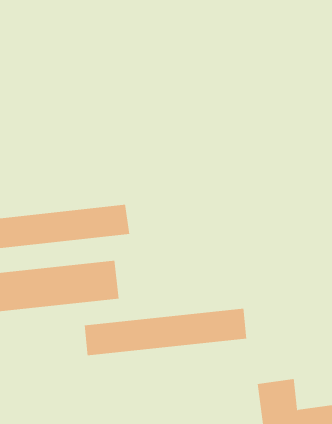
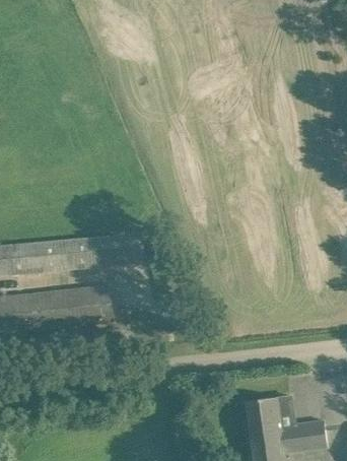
building: [84,308,247,356] -> none

